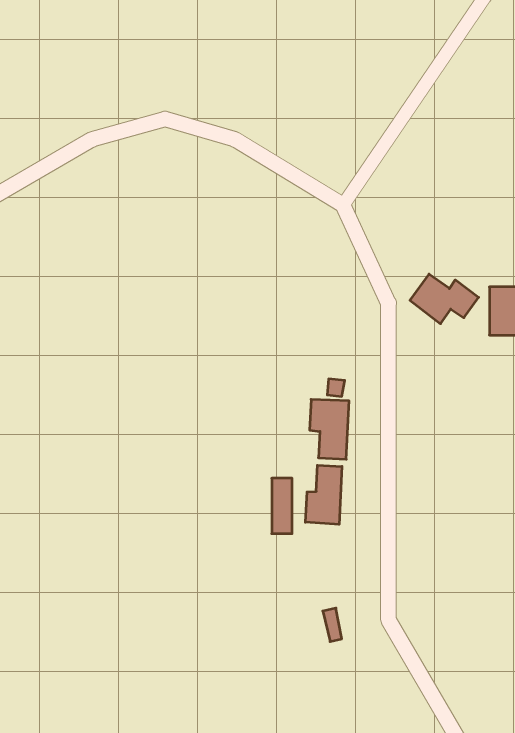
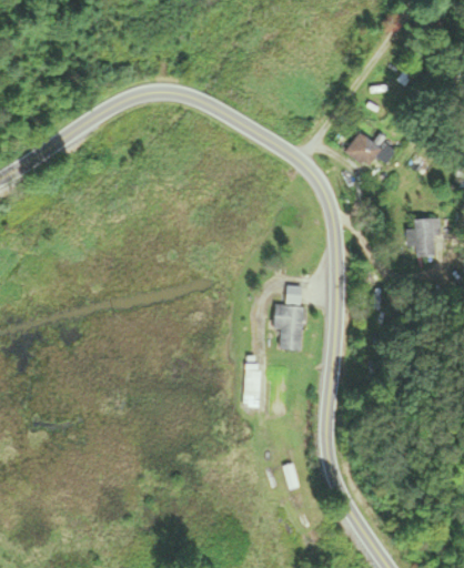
building: [410,274,479,324] -> [345,131,397,169]
building: [305,465,342,524] -> none

